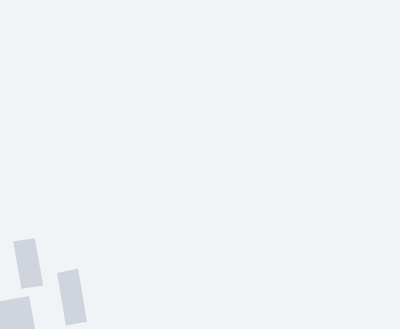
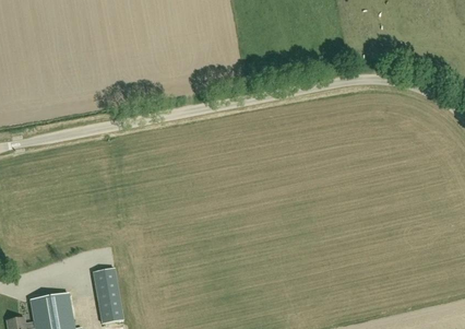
building: [12,237,44,290] -> none

